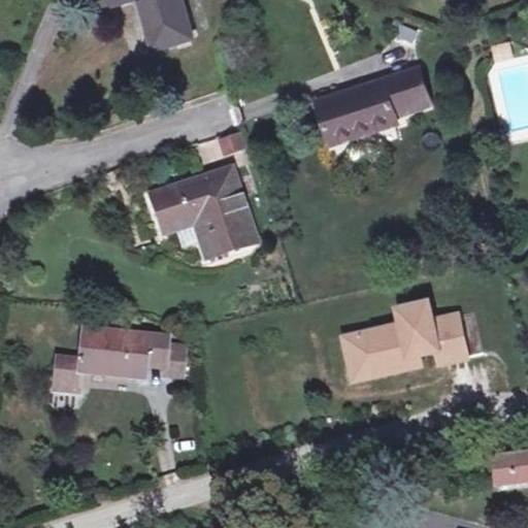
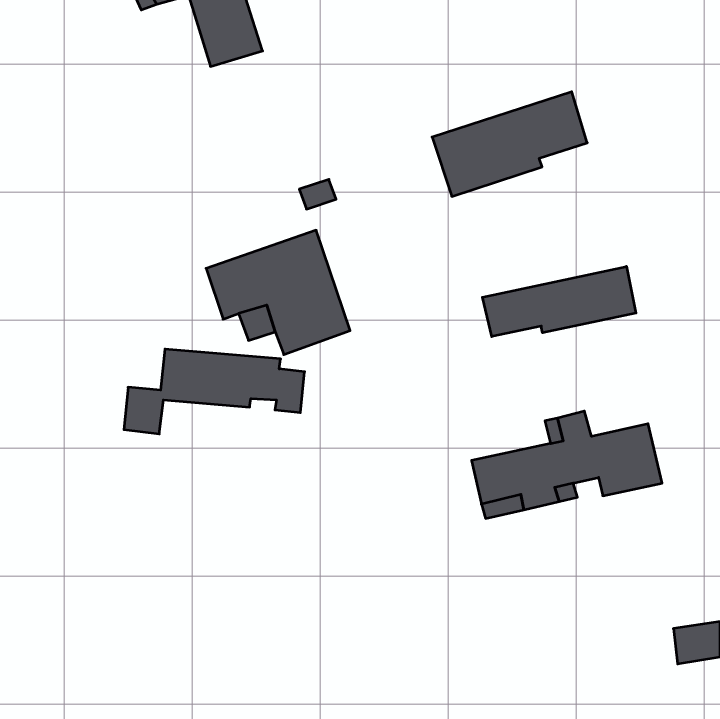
building: none -> [482,266,636,337]
building: [53,330,185,392] -> [124,349,305,434]

